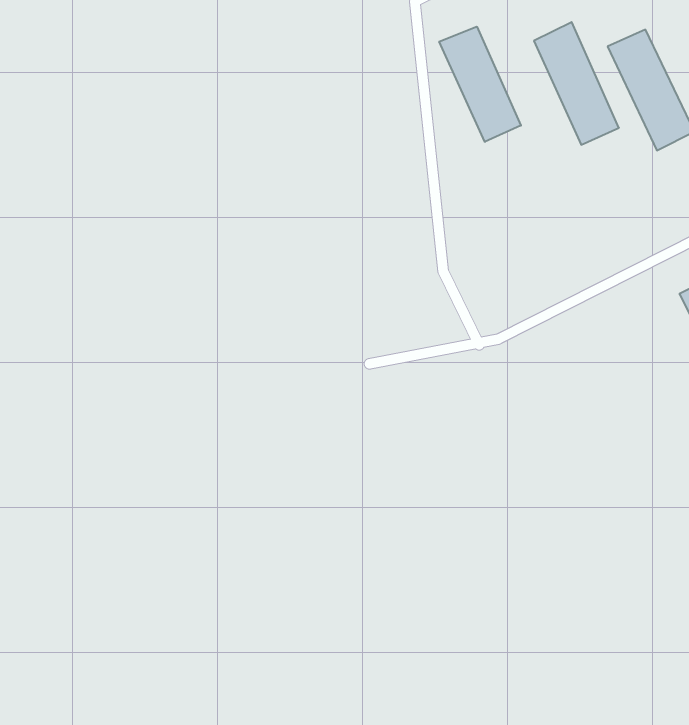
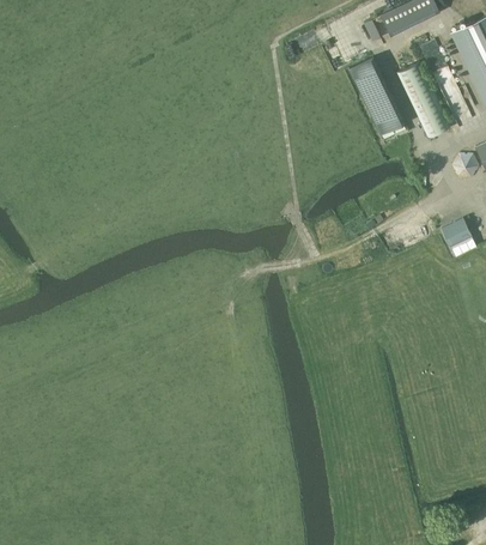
building: [439,27,521,142] -> none

